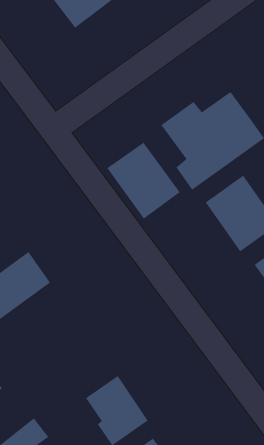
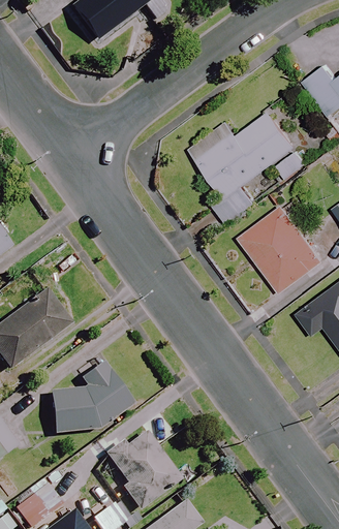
building: [106,142,180,220] -> none
building: none -> [49,360,131,435]

